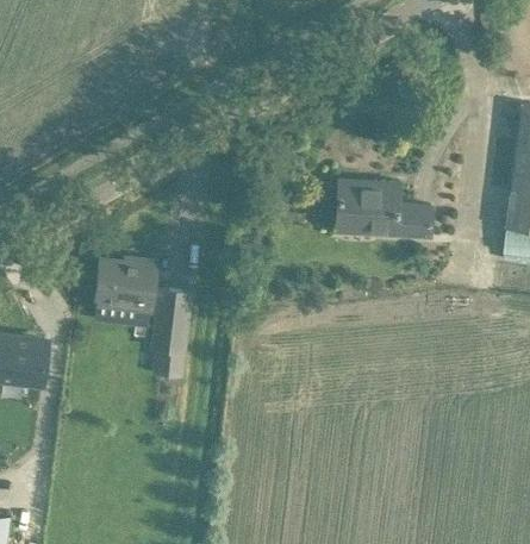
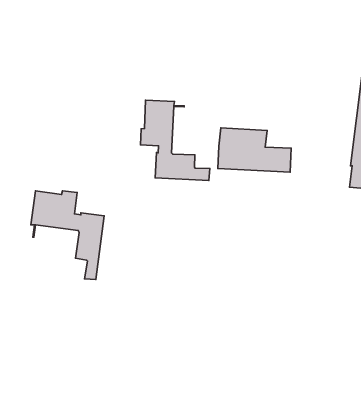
building: none -> [140,100,210,181]

